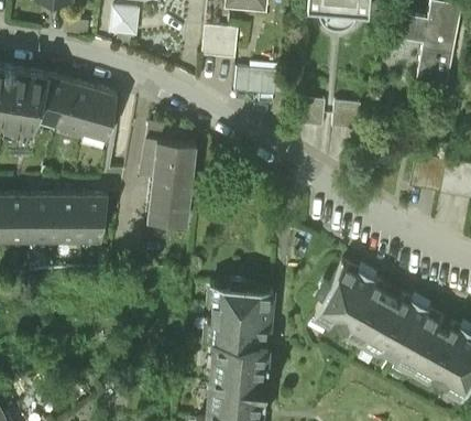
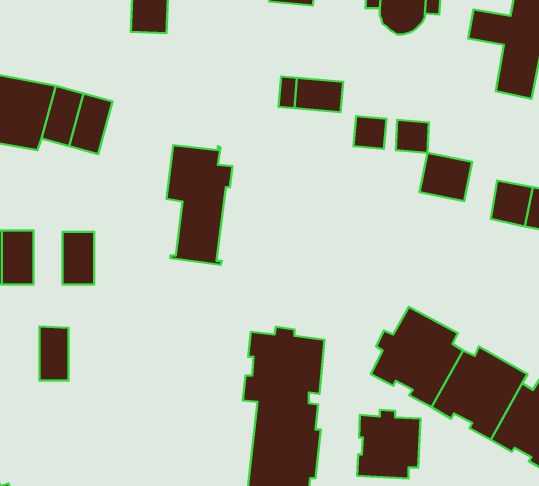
building: [204,28,239,58] -> none
building: [84,90,117,142] -> none
building: none -> [420,153,472,201]
building: [30,198,54,244] -> [39,327,68,381]
building: [80,199,107,244] -> none
building: none -> [357,410,420,478]

